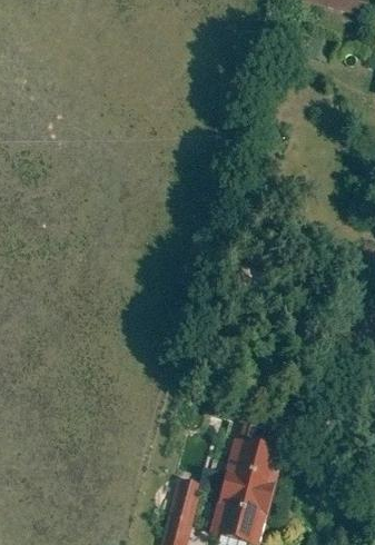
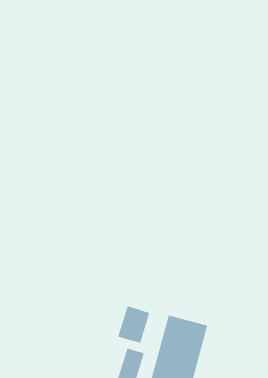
building: none -> [117,305,150,344]

